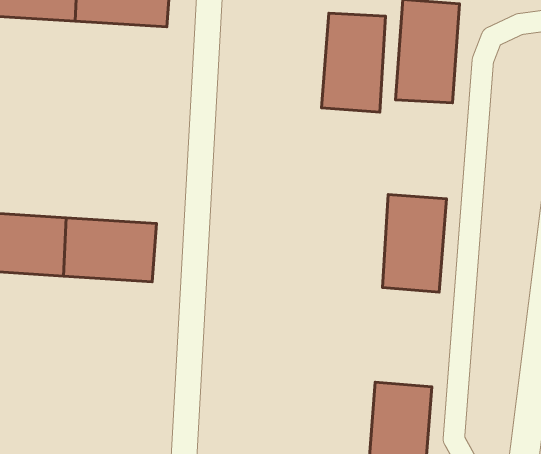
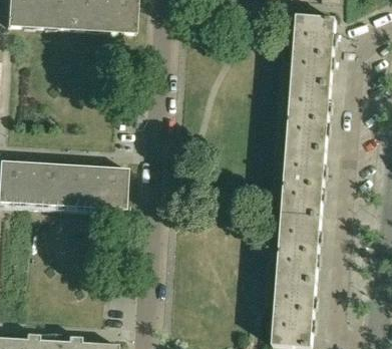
building: [321,13,386,112] -> [286,83,330,151]
building: none -> [277,213,321,281]

